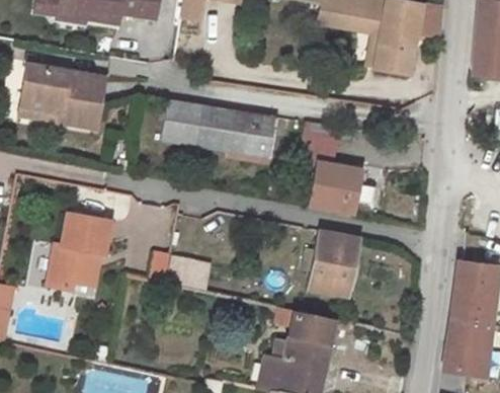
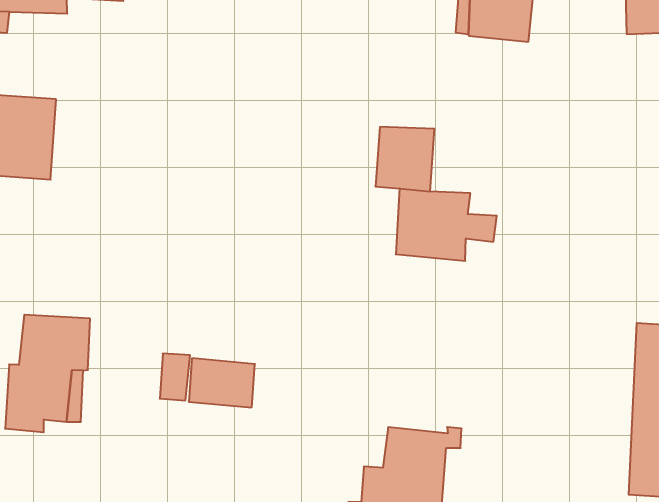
building: [163,98,280,158] -> none
building: [305,231,357,296] -> none

